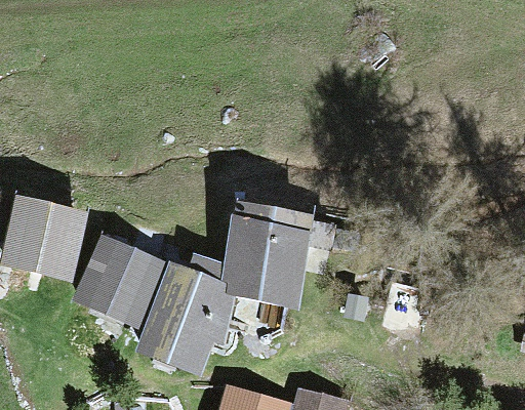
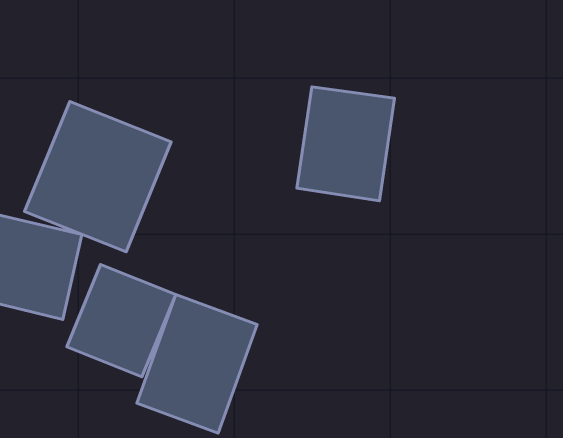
building: none -> [25,101,171,252]
building: [227,200,307,293] -> [297,87,395,201]

